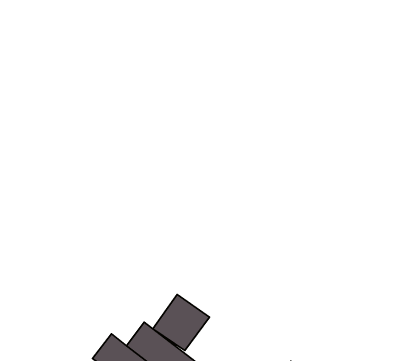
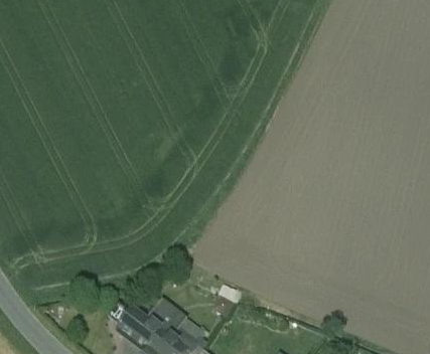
building: [153,294,209,351] -> none

